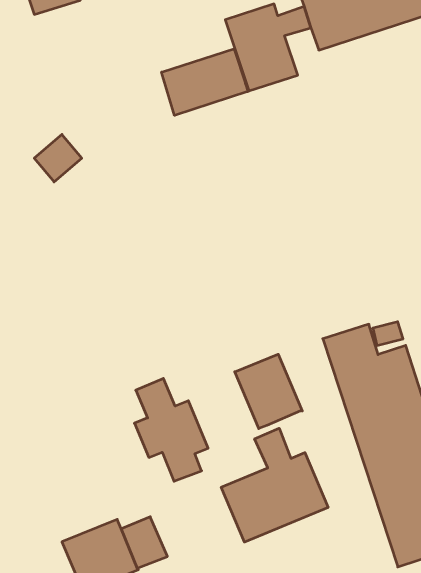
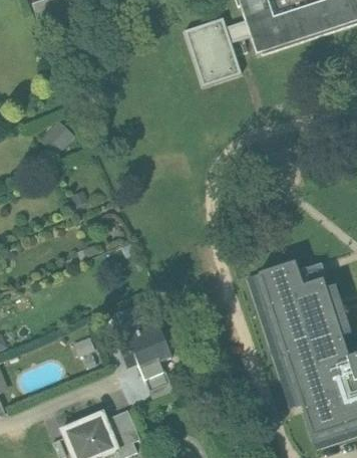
building: [162,48,248,115] -> none
building: [235,354,302,429] -> none
building: [221,428,328,542] -> none

